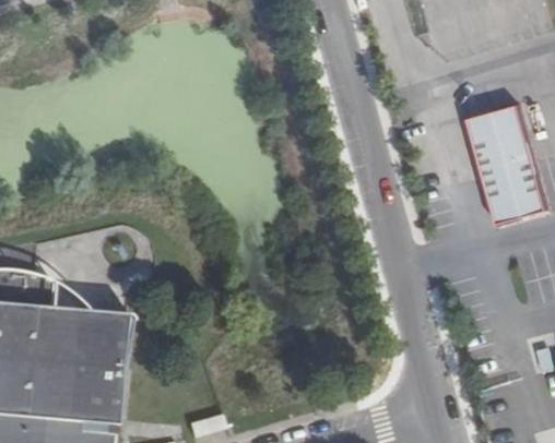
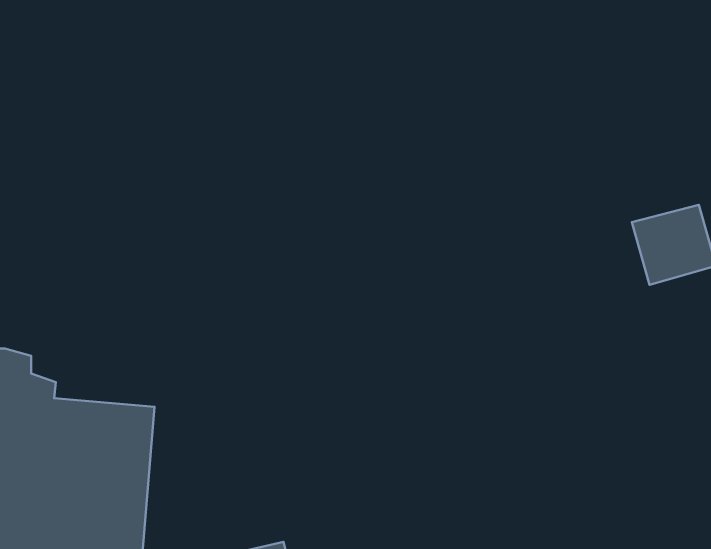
building: [465,104,533,176] -> none

